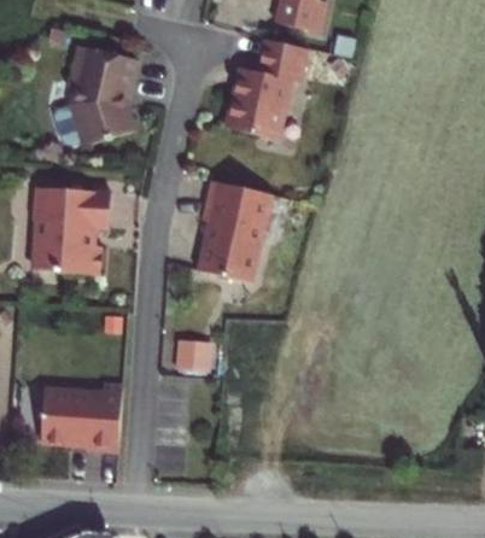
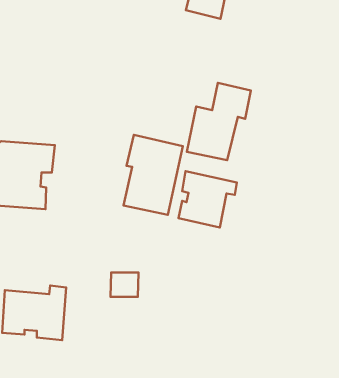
building: [223,36,305,135] -> [187,83,251,160]
building: [70,43,136,142] -> none
building: none -> [179,171,237,227]

